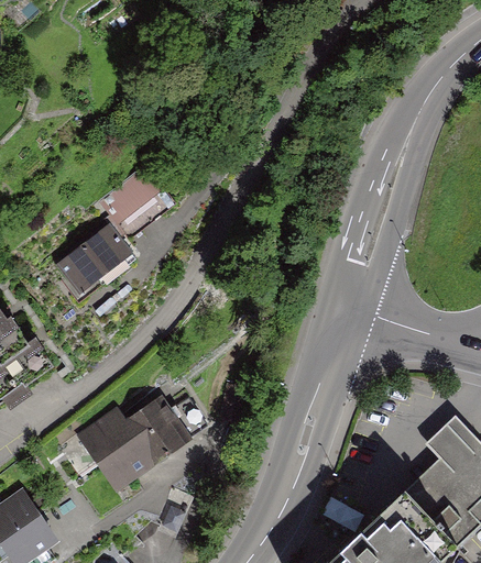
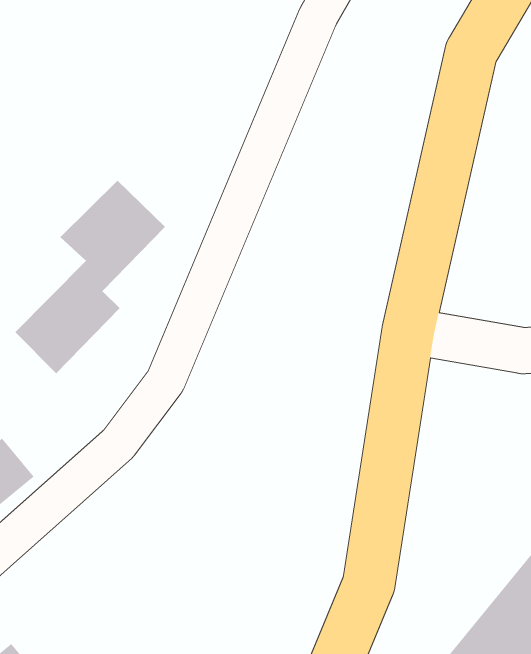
building: [76,401,187,490] -> none

